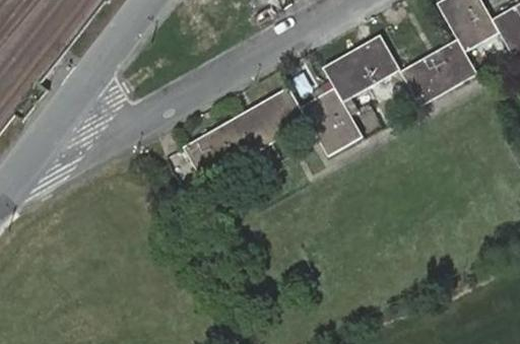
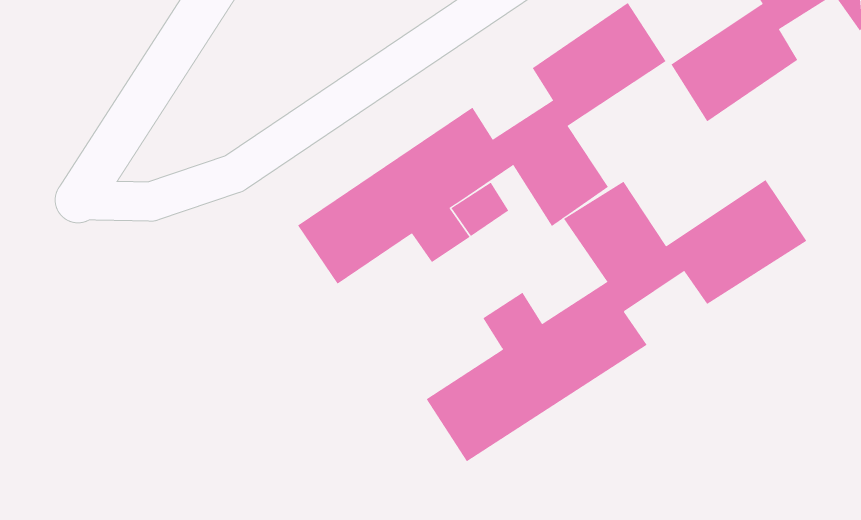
building: none -> [426,179,807,462]

